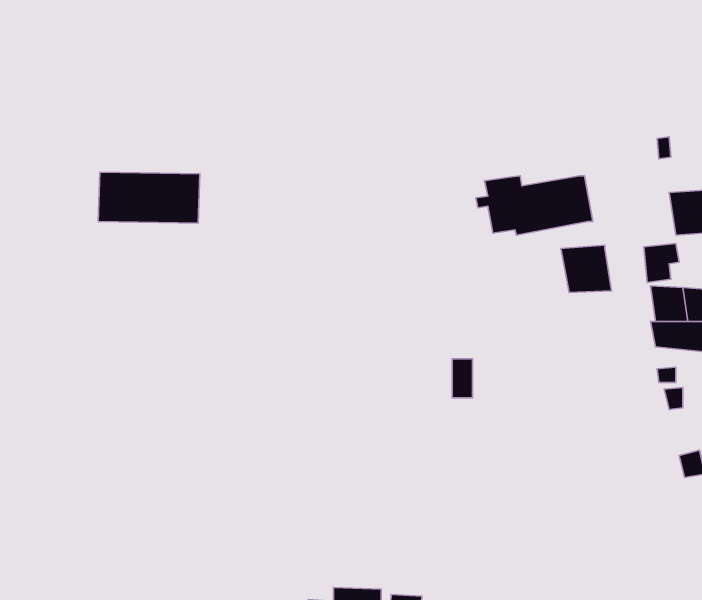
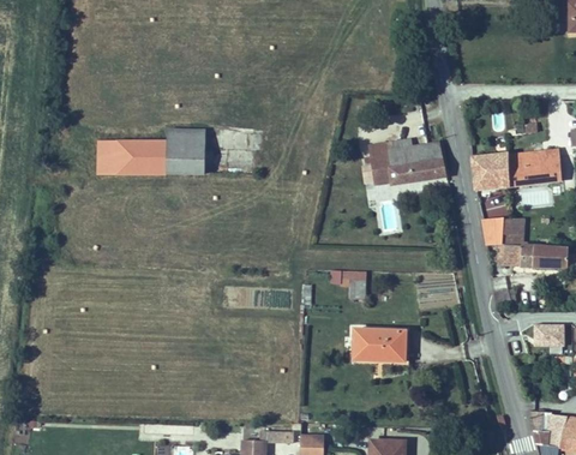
building: none -> [167,127,206,175]
building: [561,245,612,293] -> [469,151,505,185]
building: none -> [354,330,406,364]

